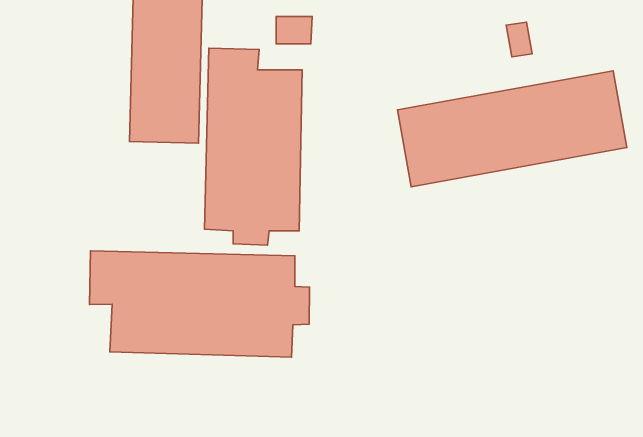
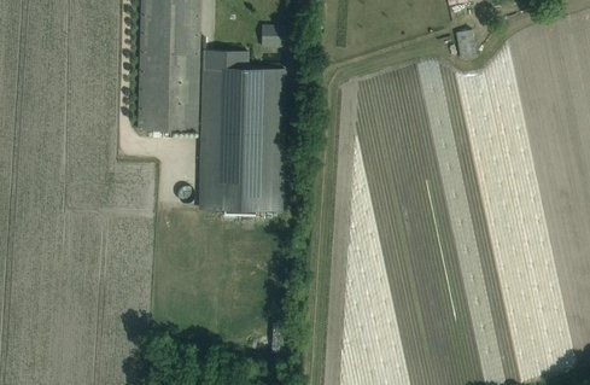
building: [398,71,627,187] -> none
building: [89,251,309,357] -> none

